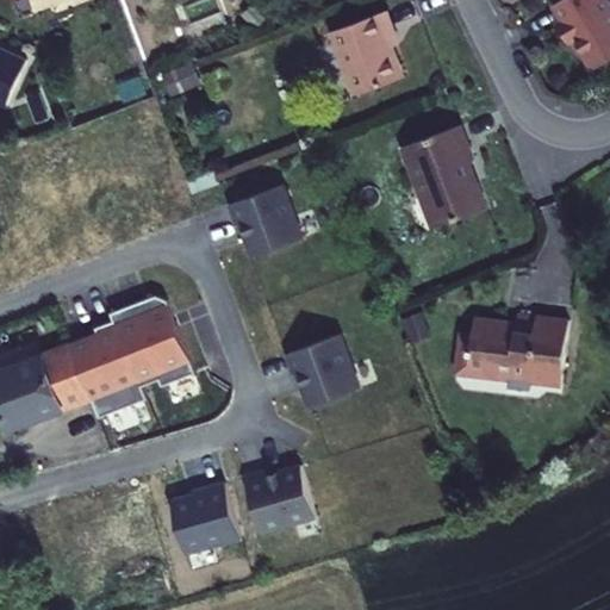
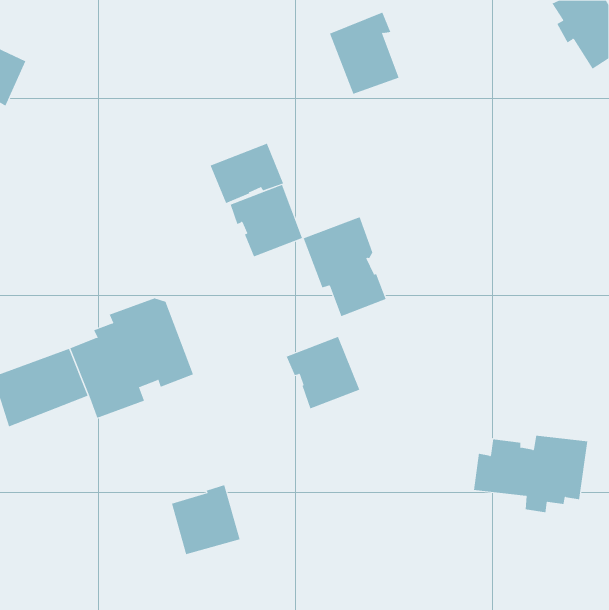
building: [402,126,485,226] -> [303,216,386,317]
building: none -> [210,143,284,204]
building: [450,315,565,392] -> [473,435,588,513]
building: [243,468,315,533] -> none

